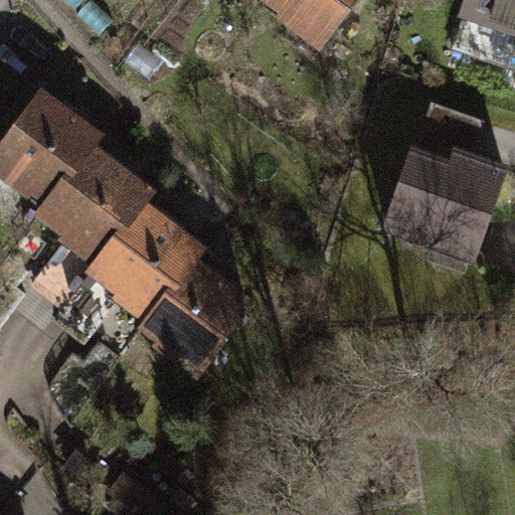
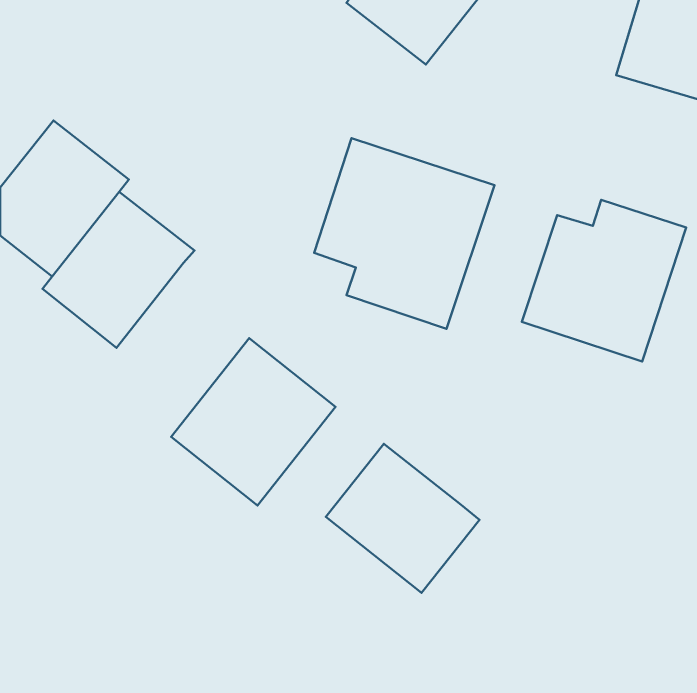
building: none -> [314,138,494,329]
building: [82,193,194,307] -> none
building: none -> [326,444,480,593]

